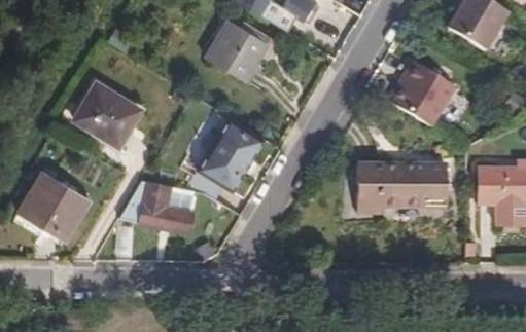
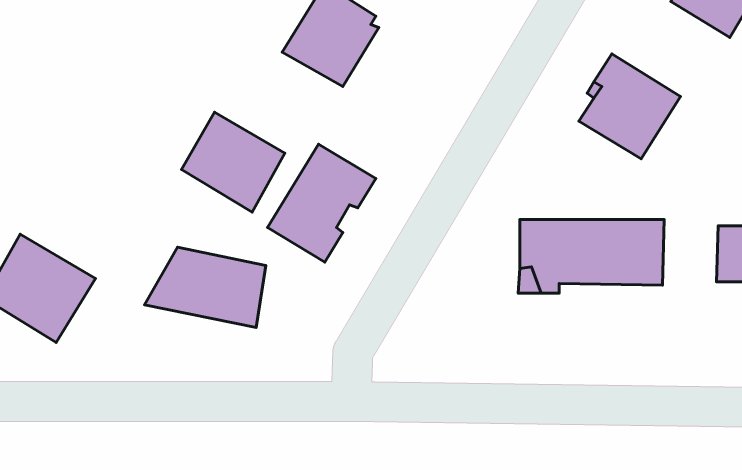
building: [74,83,139,146] -> [182,112,285,212]

